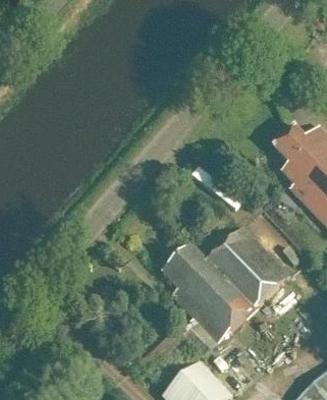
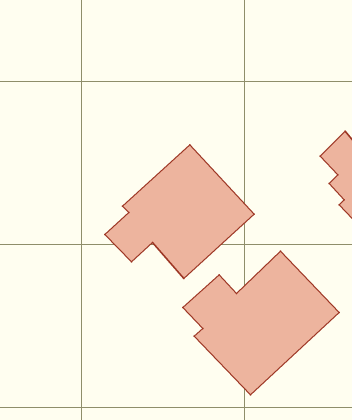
building: none -> [105,145,254,278]

